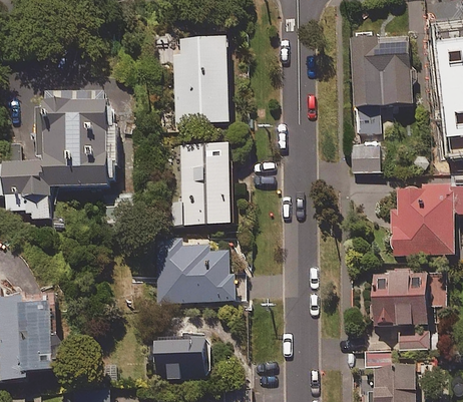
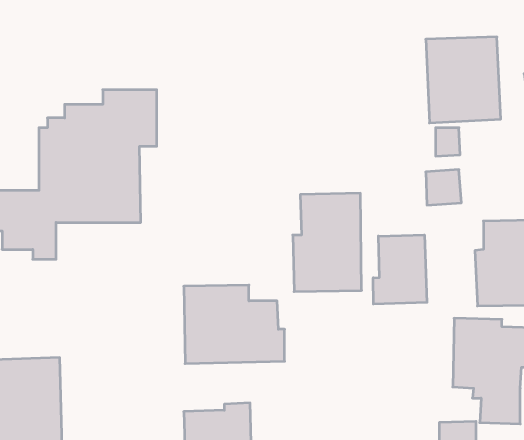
building: [170,37,228,125] -> none
building: [173,144,229,225] -> [293,193,362,292]
building: none -> [373,235,427,304]

